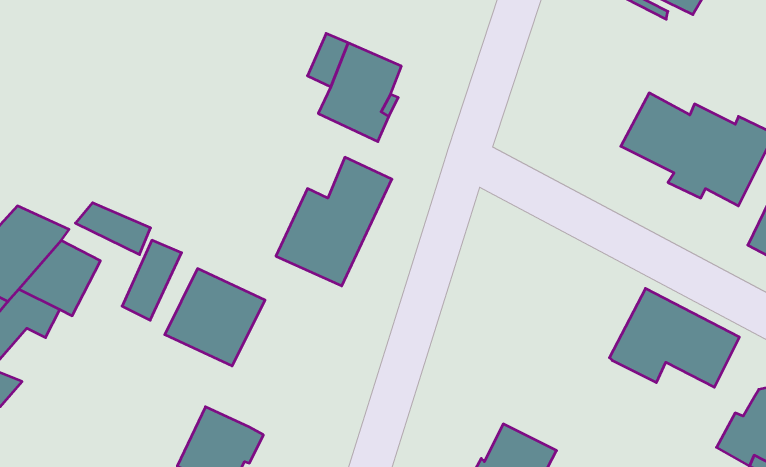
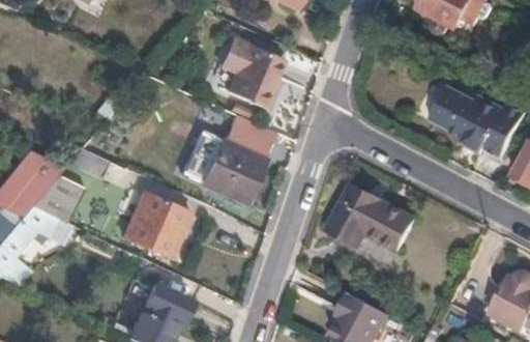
building: [122,240,182,320] -> [181,132,220,184]
building: [609,288,739,387] -> [327,187,413,252]

